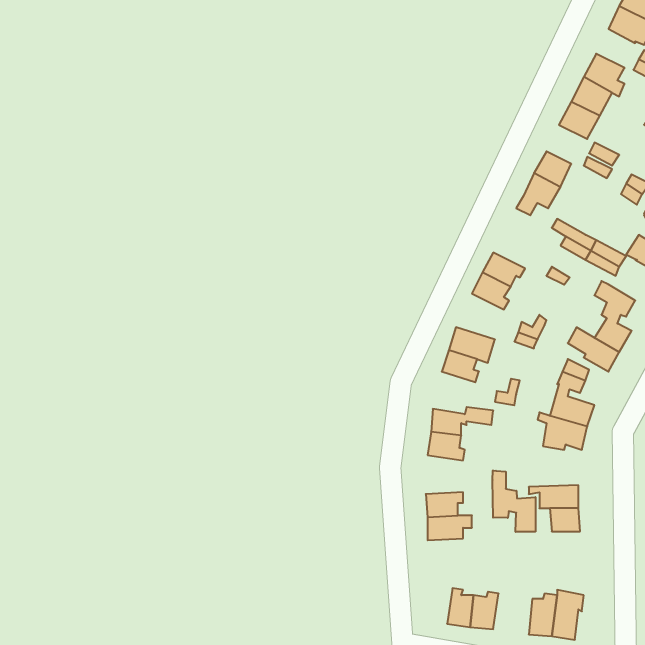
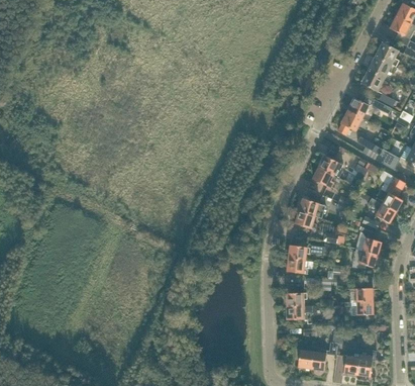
building: [493,470,535,532] -> none

